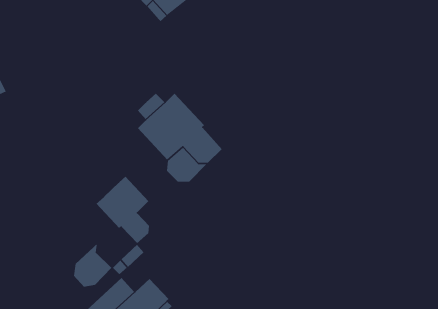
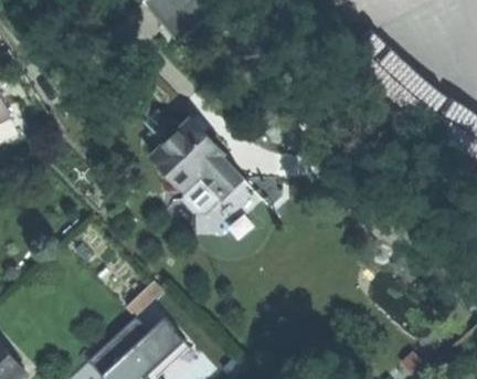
building: [96,176,150,244] -> none
building: [73,242,112,287] -> none

